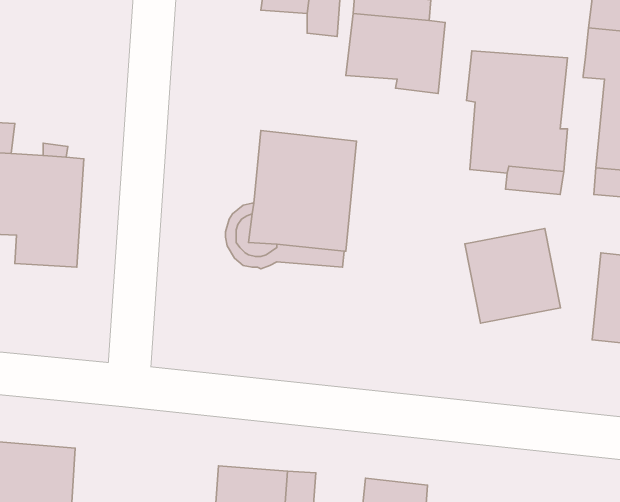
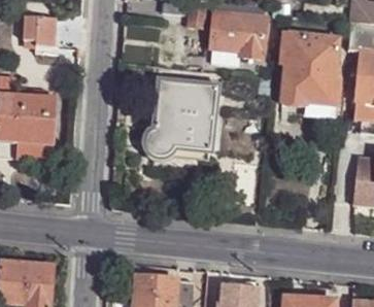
building: none -> [24,15,57,46]
building: [465,228,560,323] -> none

